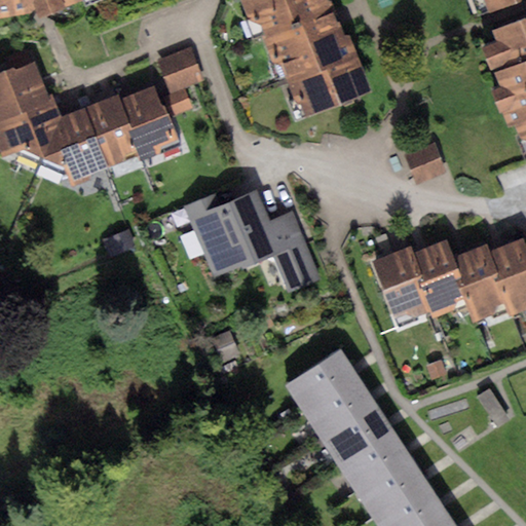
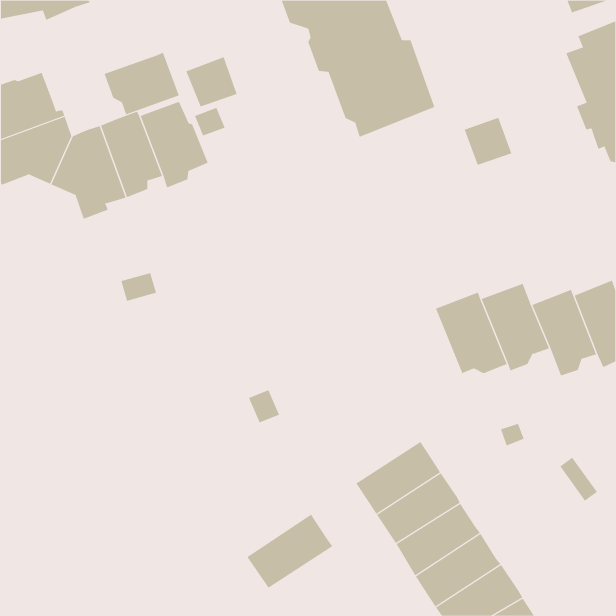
building: none -> [104,52,180,115]
building: [405,143,446,184] -> [464,117,512,166]
building: [182,189,317,291] -> none
building: [285,348,359,412] -> [246,514,333,588]

